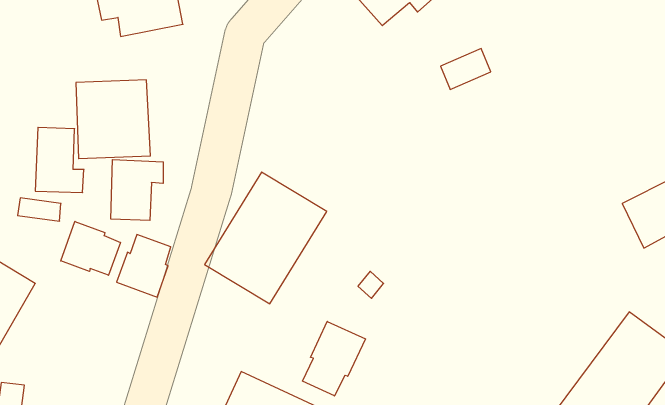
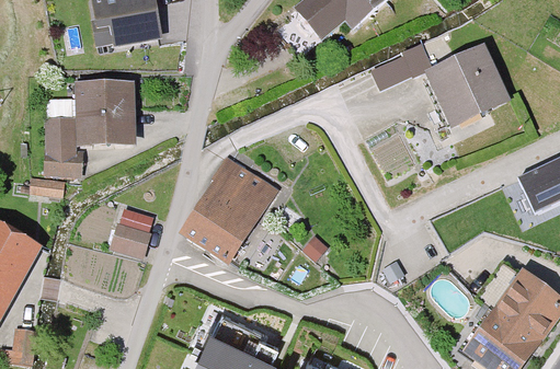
building: none -> [427,45,510,126]
building: [111,160,163,220] -> none
building: [61,221,120,275] -> none
building: [303,321,365,396] -> none

